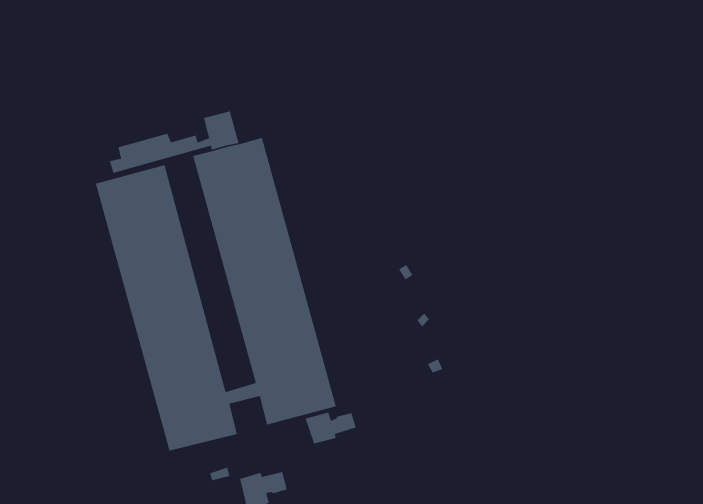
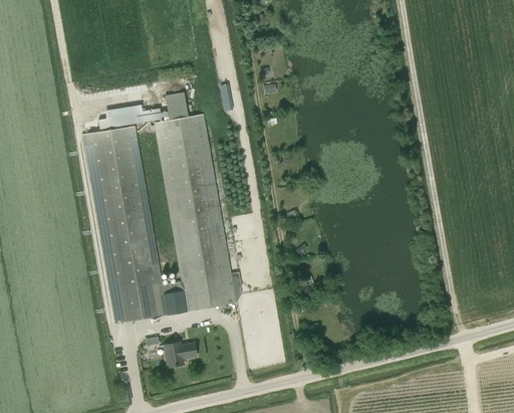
building: [304,411,357,444] -> none

